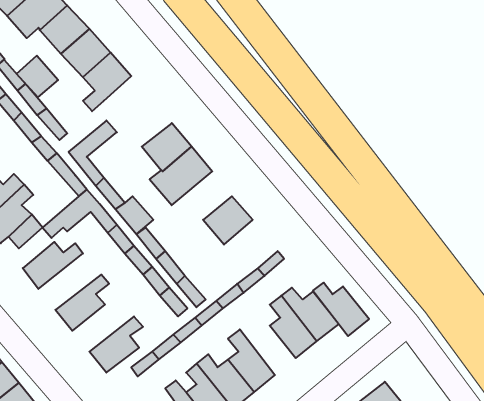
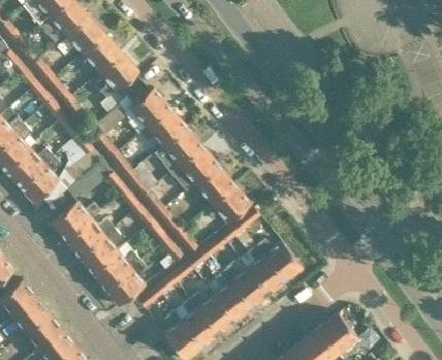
building: [16,56,58,97] -> none
building: none -> [131,89,170,127]
building: none -> [170,147,218,192]
building: none -> [212,185,250,223]
building: none -> [65,219,115,257]
building: [313,283,369,336] -> [224,266,269,308]
building: none -> [92,252,140,290]

